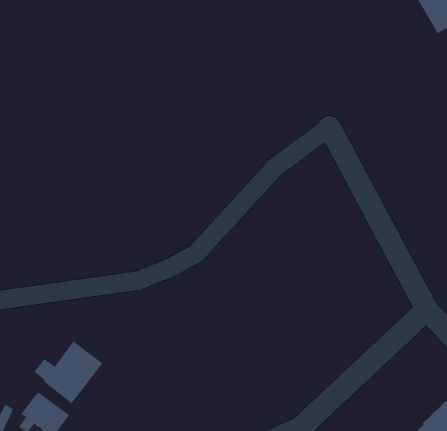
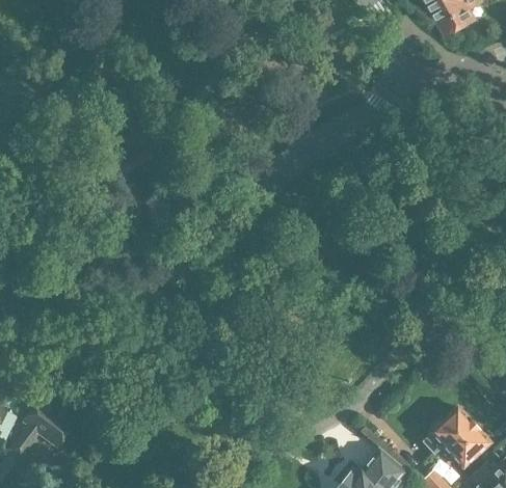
building: [34,341,103,404] -> none

